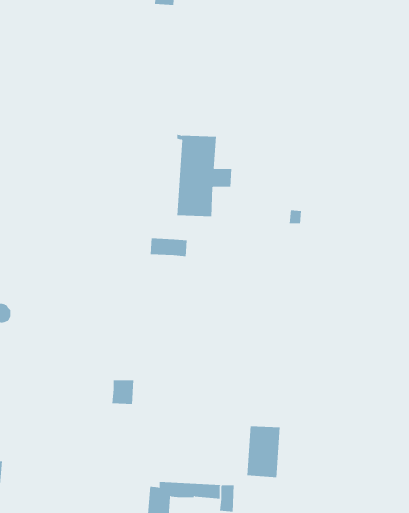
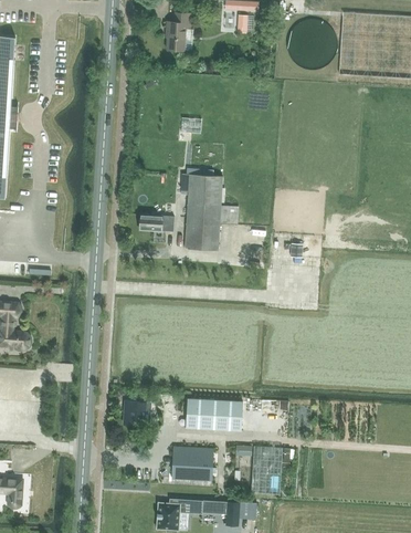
building: [150,238,188,257] -> [138,213,173,231]
building: none -> [185,397,242,429]
building: none -> [170,446,213,478]

